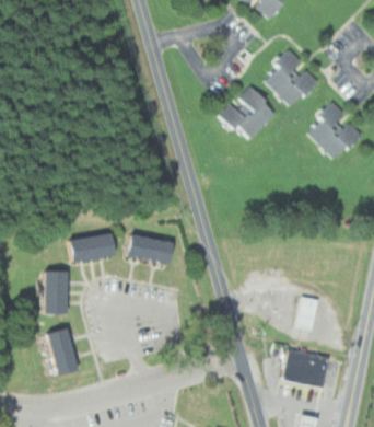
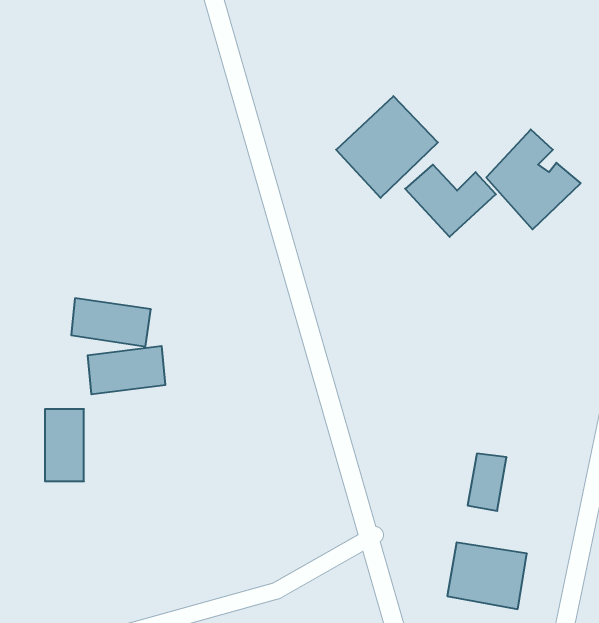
building: [265,66,318,108] -> [405,165,496,237]
building: [128,234,175,263] -> [71,298,151,346]
building: [46,327,79,374] -> none

